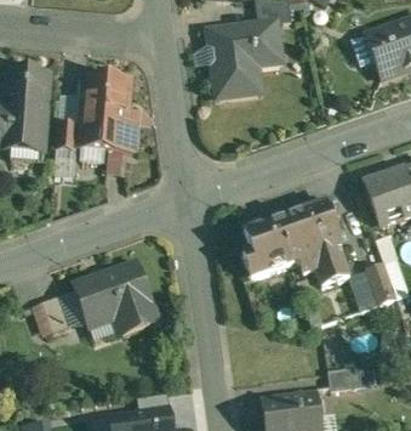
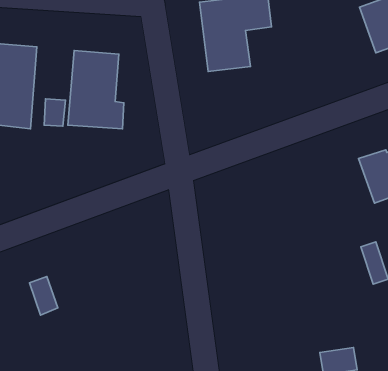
building: [242,195,349,285] -> none
building: [74,265,159,336] -> none

